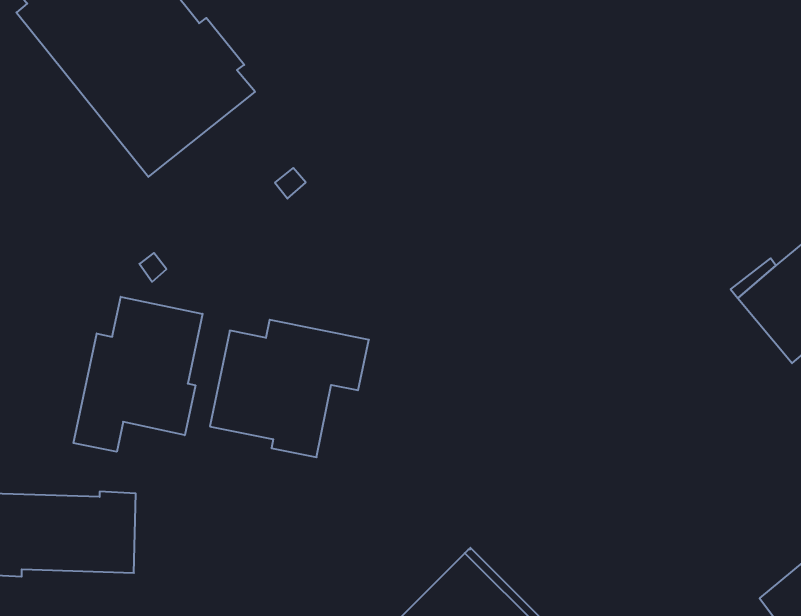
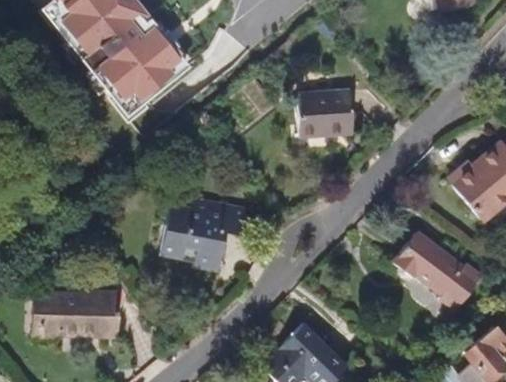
building: none -> [297,90,354,136]
building: [73,297,203,452] -> none
building: none -> [395,231,483,309]

